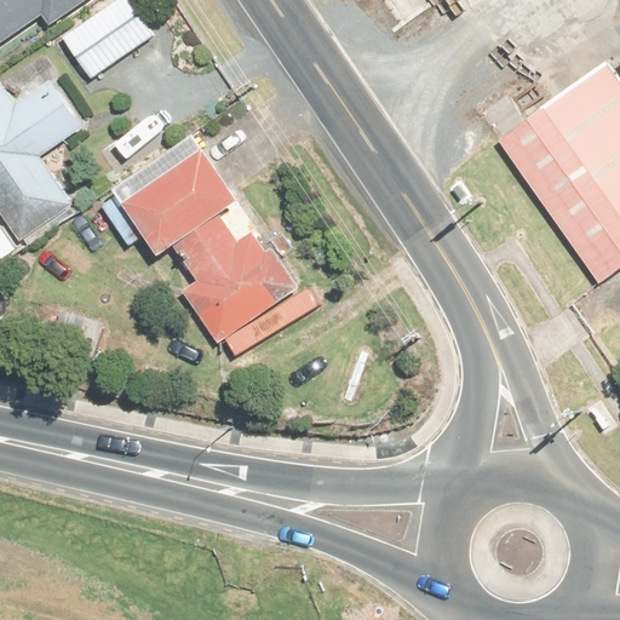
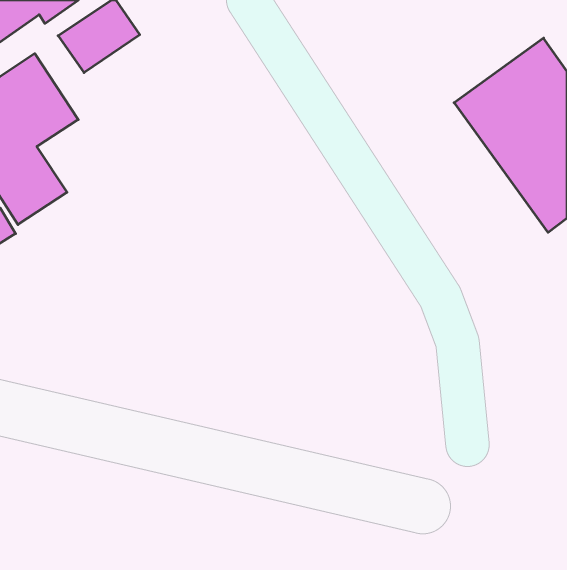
building: [115,139,298,345] -> none

